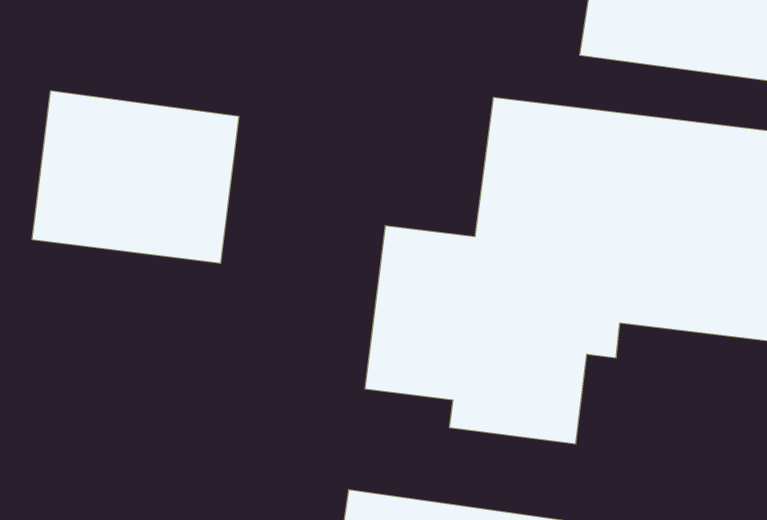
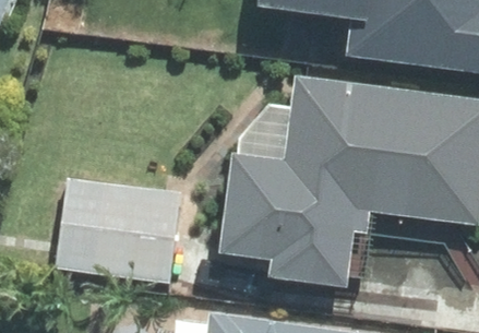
building: [32,91,239,263] -> [57,179,180,282]

